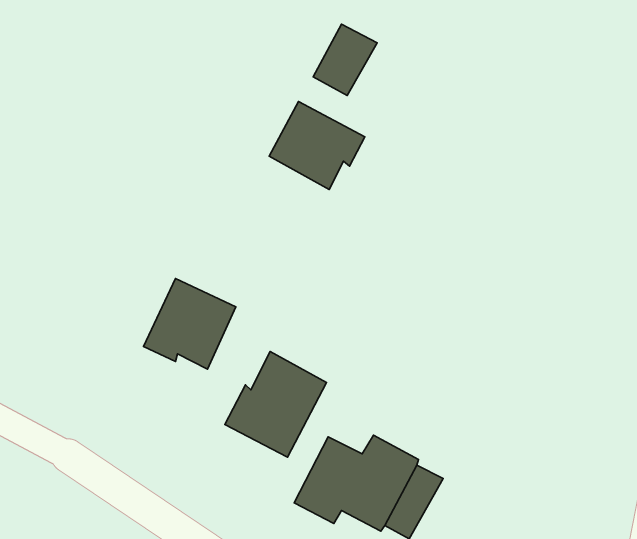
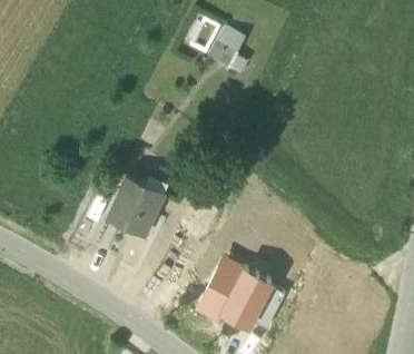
building: [269,102,365,189] -> none
building: [225,352,327,457] -> none

